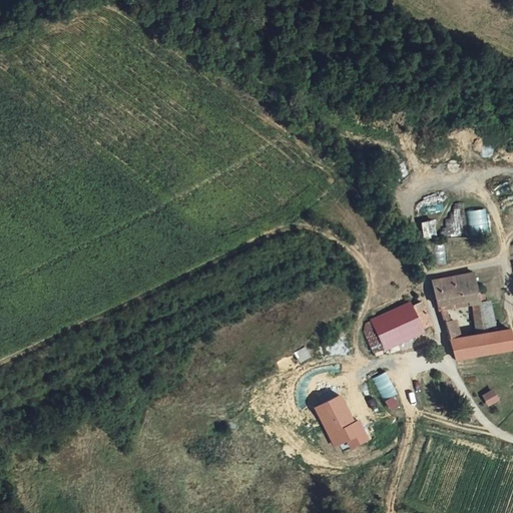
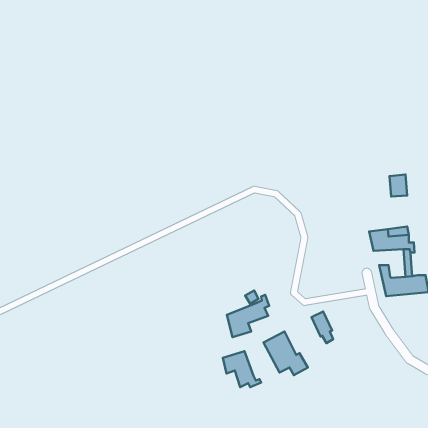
building: [370,303,433,352] -> none
building: none -> [227,295,269,337]
building: none -> [223,351,261,387]

